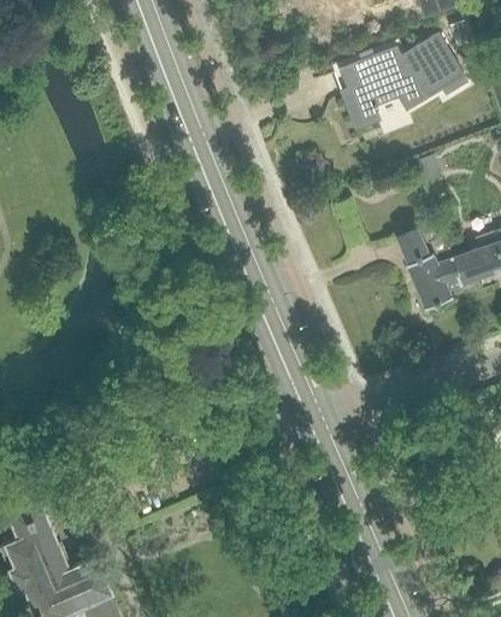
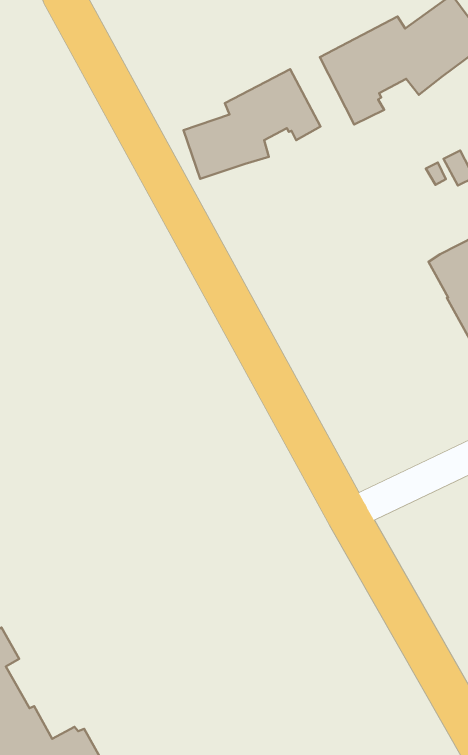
building: none -> [183,69,320,179]

